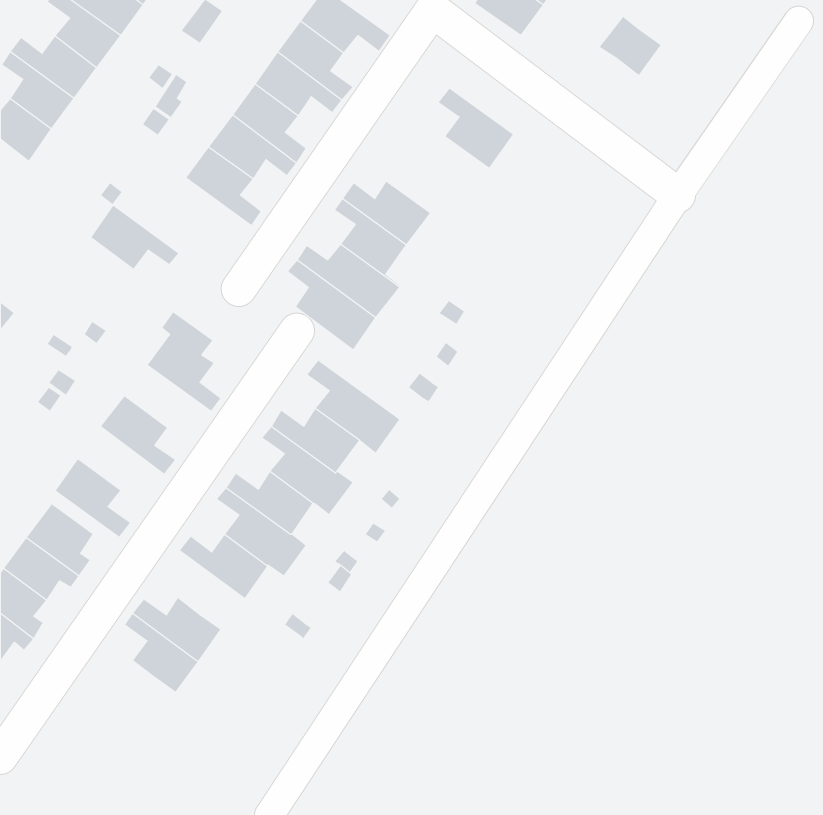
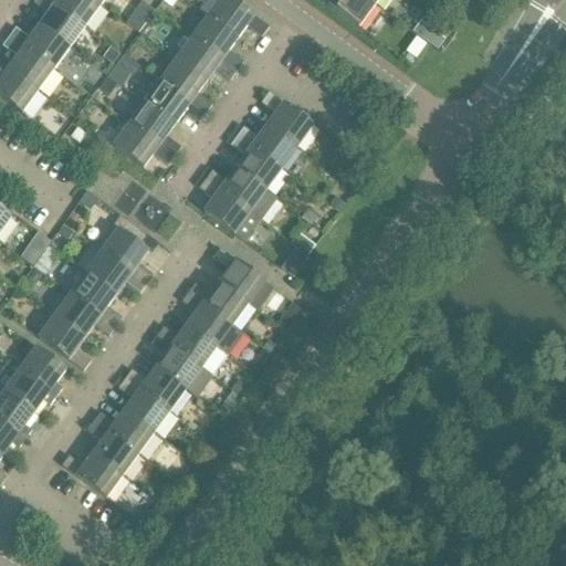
building: [438,88,514,168] -> [261,91,313,146]
building: [90,205,179,270] -> [113,122,174,166]
building: none -> [86,250,146,293]
building: none -> [54,292,114,336]
building: none -> [118,377,169,431]
building: none -> [61,452,122,495]

